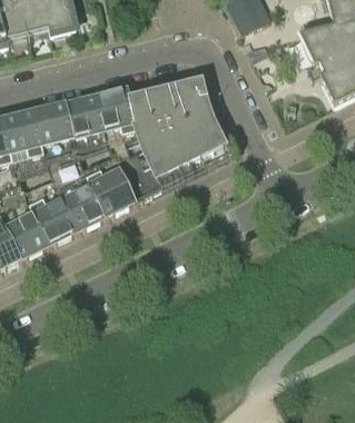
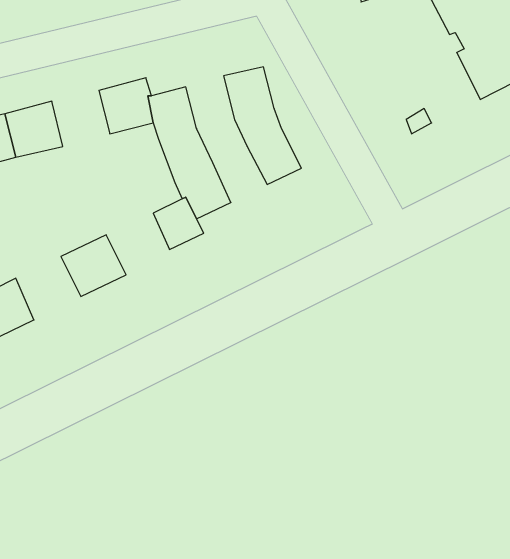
building: [151,87,201,165] -> none
building: [69,96,105,130] -> none
building: [102,171,142,209] -> none
building: [47,198,87,237] -> none

